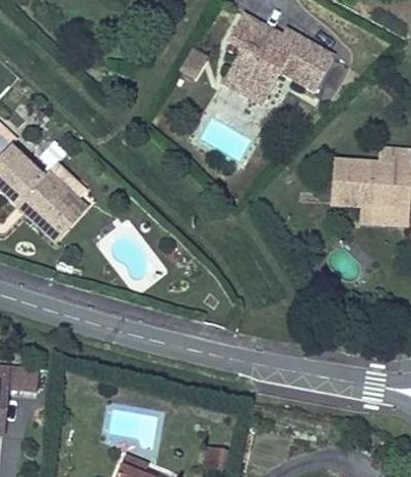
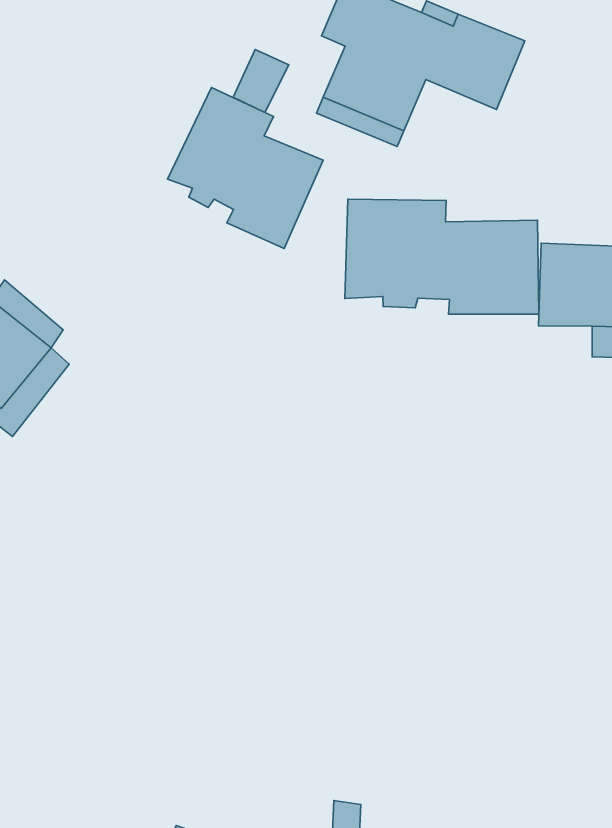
building: none -> [168,88,323,248]
building: none -> [345,199,539,314]

